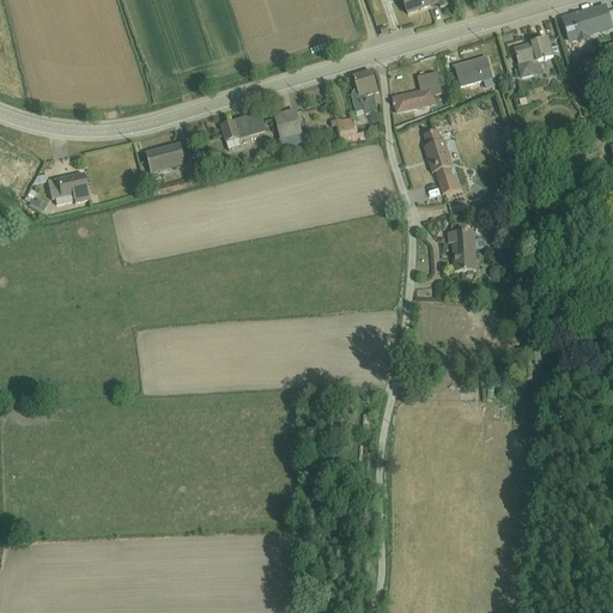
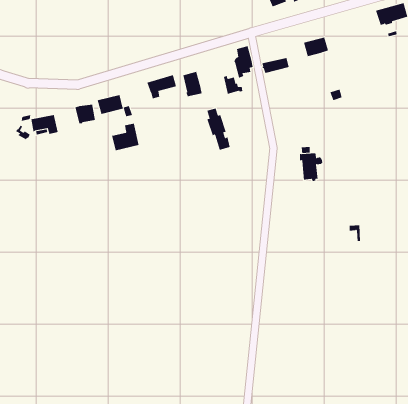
building: [514,36,552,75] -> none
building: [423,128,459,192] -> [206,108,230,150]
building: none -> [75,104,96,124]
building: none -> [111,123,139,151]

